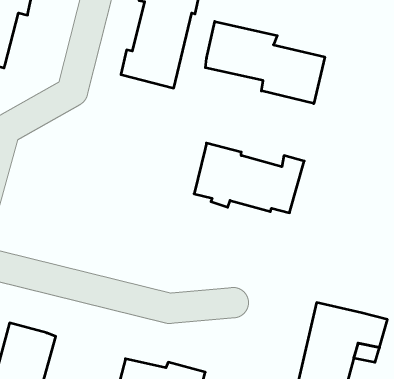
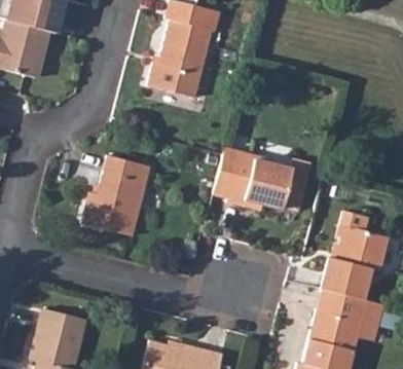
building: [205,21,325,104] -> none
building: none -> [78,157,150,238]
building: none -> [323,209,386,300]

